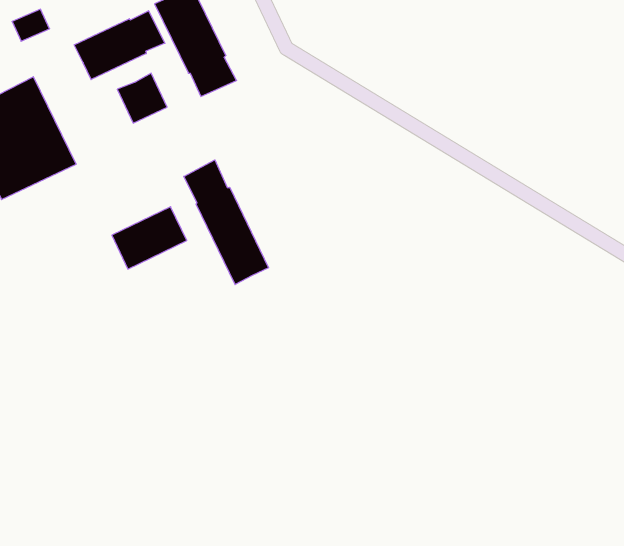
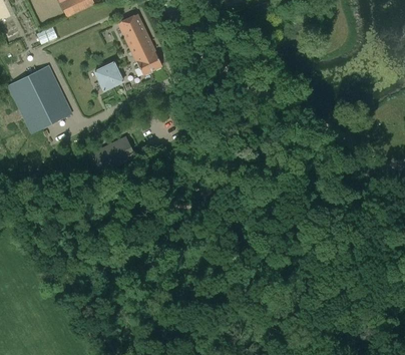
building: [74,11,165,80] -> none
building: [184,160,269,285] -> none

